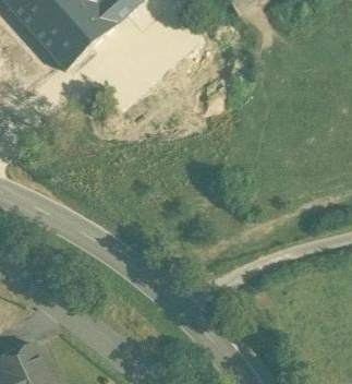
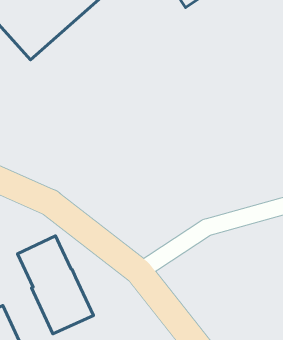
building: none -> [17,236,93,334]

